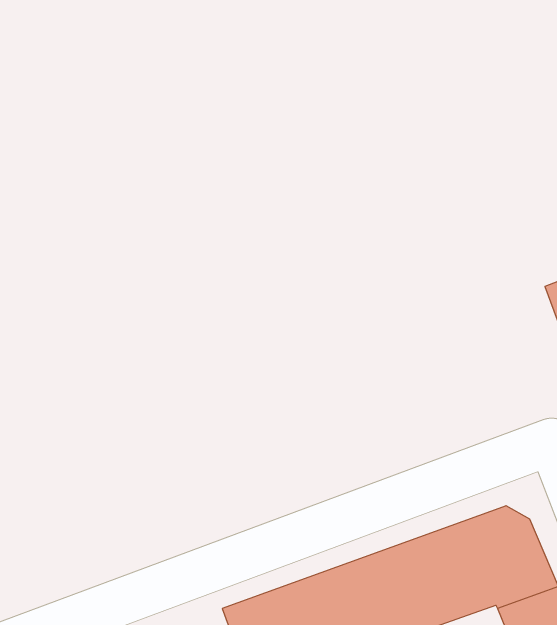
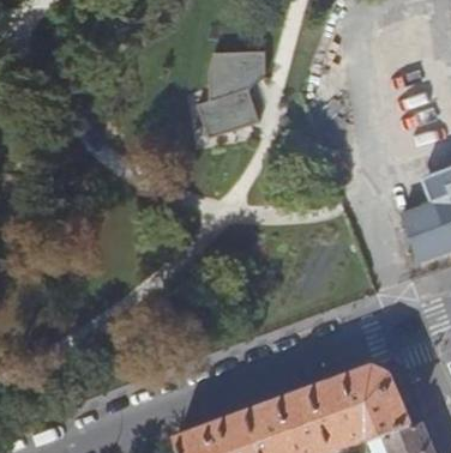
building: none -> [194,40,261,127]

